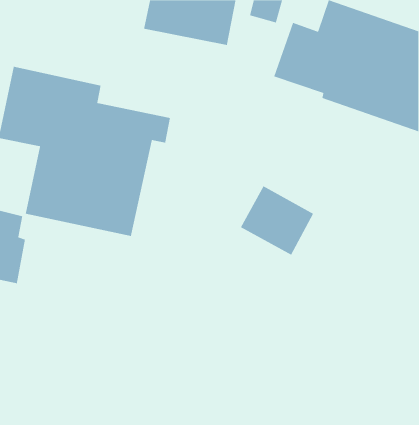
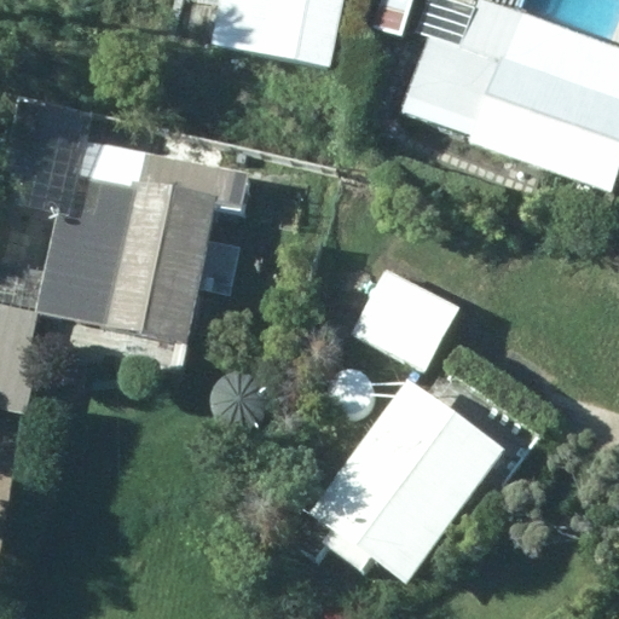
building: none -> [284,380,507,584]

